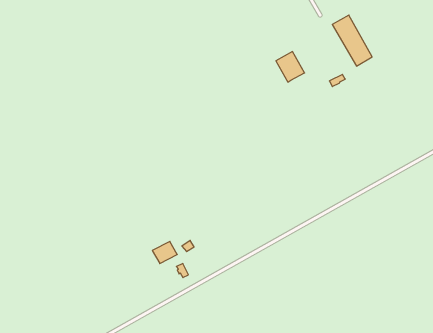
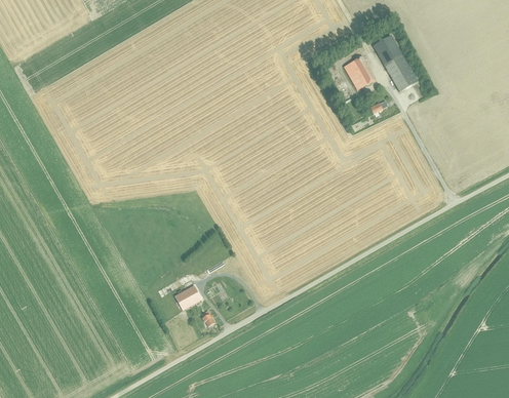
building: [276,52,305,82] -> [343,55,375,89]

